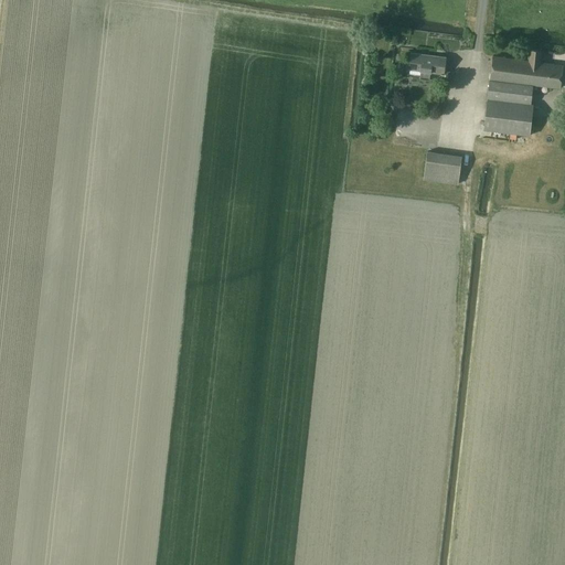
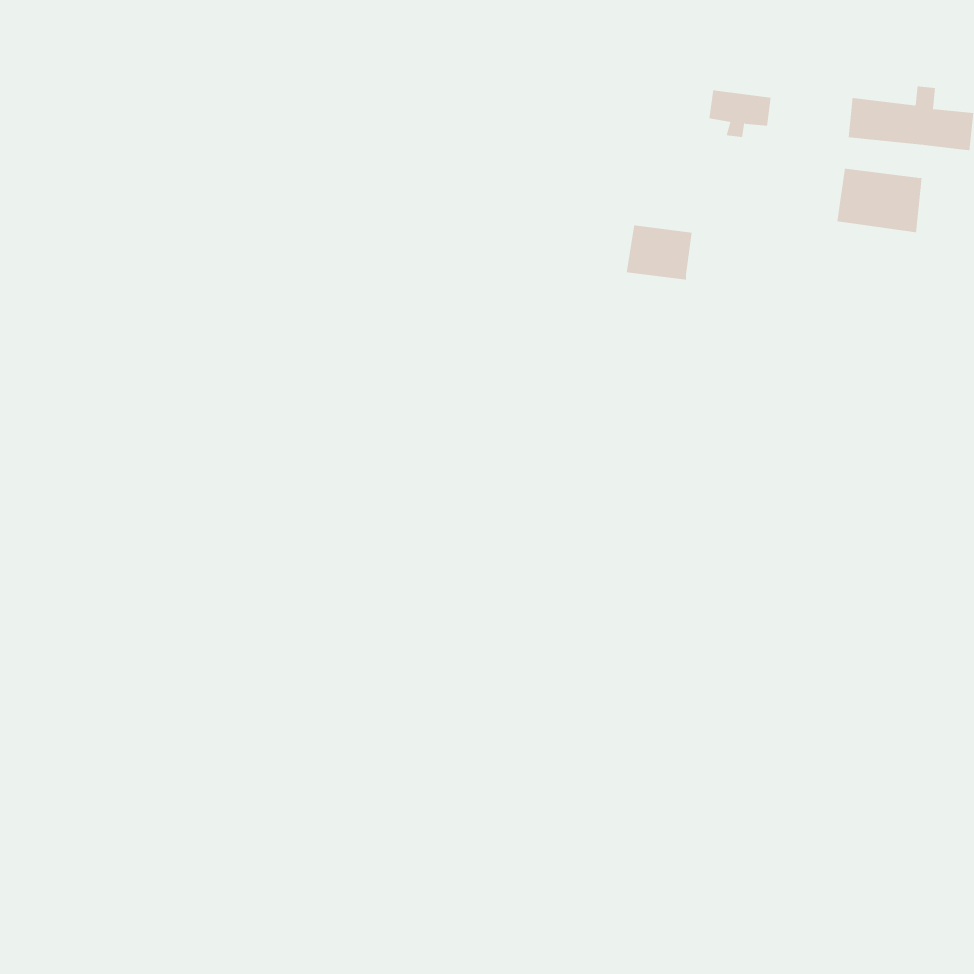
building: [488,81,533,104] -> none
building: [423,152,461,184] -> [626,225,693,280]

